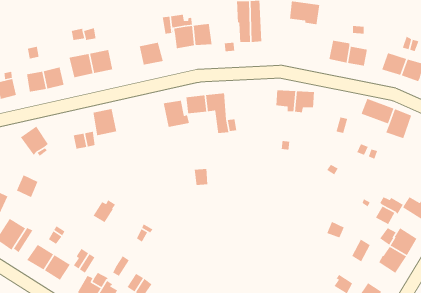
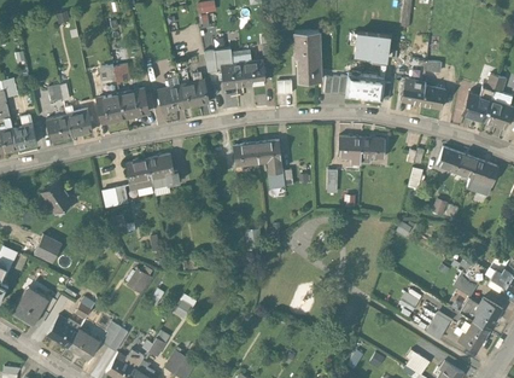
building: none -> [344,72,385,99]
building: none -> [157,86,185,114]
building: [163,100,190,128] -> [148,155,180,187]

